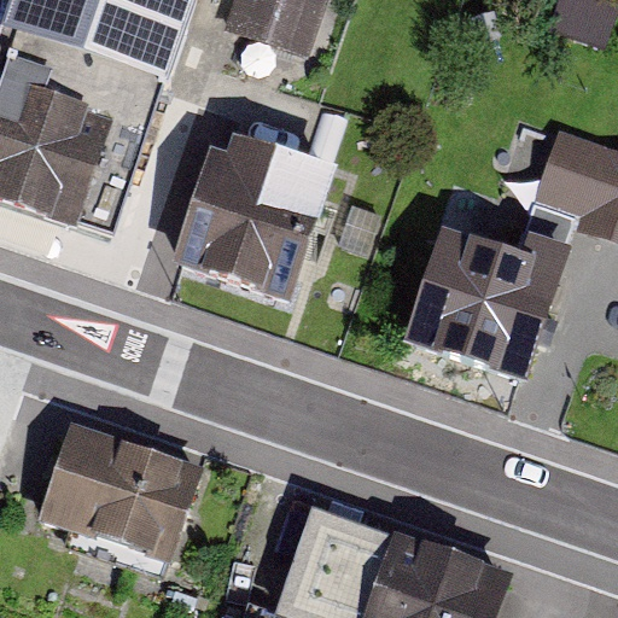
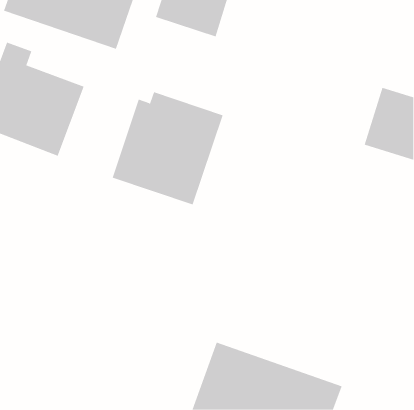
building: [408,221,564,380] -> none
building: [36,424,203,558] -> none

